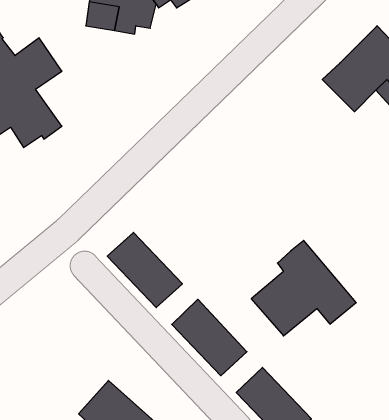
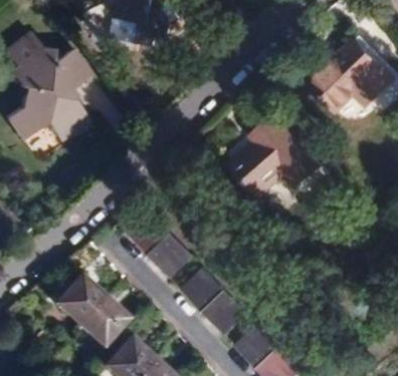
building: [251,240,356,336] -> [229,115,318,196]
building: none -> [53,274,127,345]

